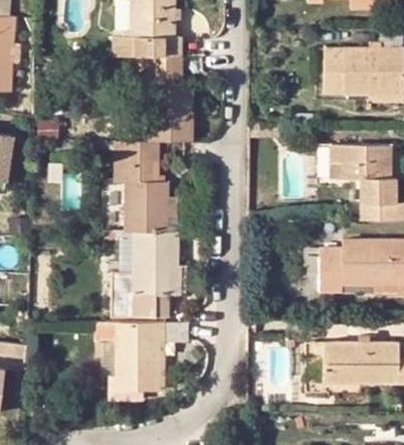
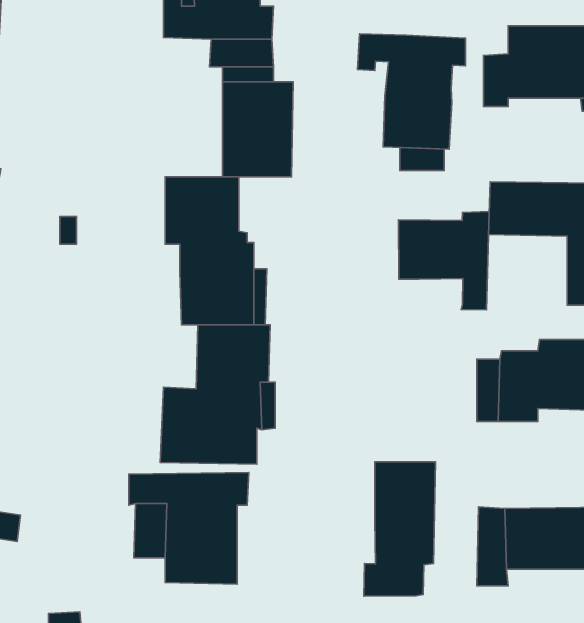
building: none -> [357,34,466,149]
building: none -> [398,212,489,310]
building: none -> [364,462,436,596]

